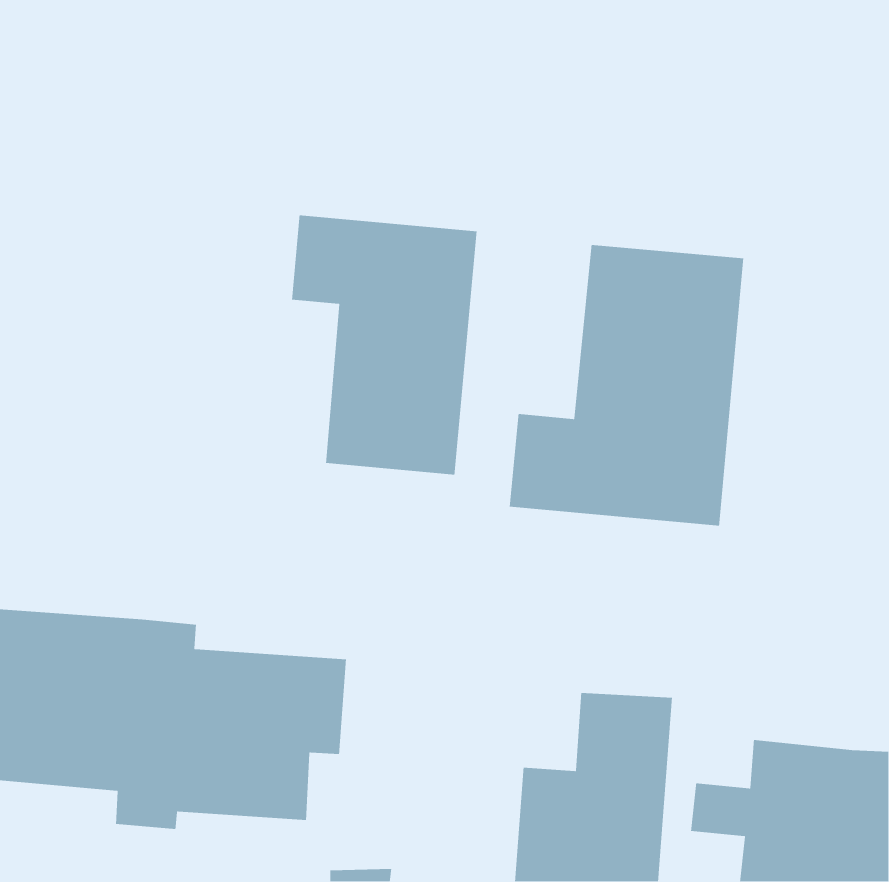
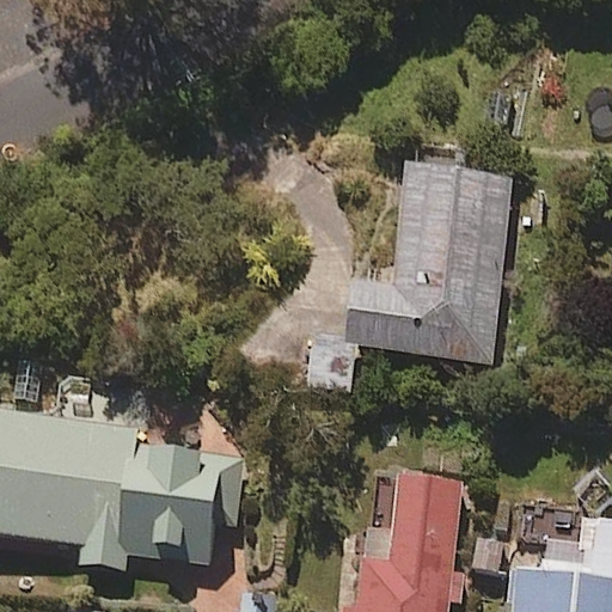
building: [291,214,477,475] -> none

